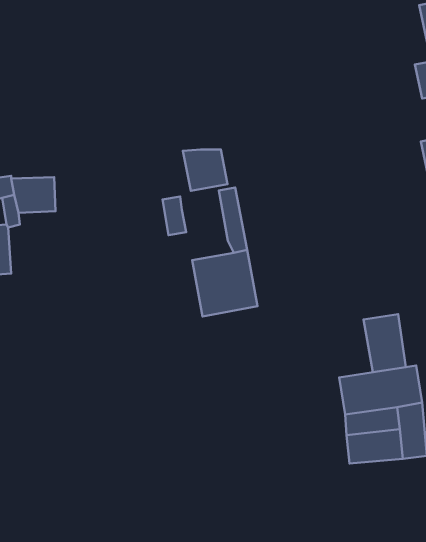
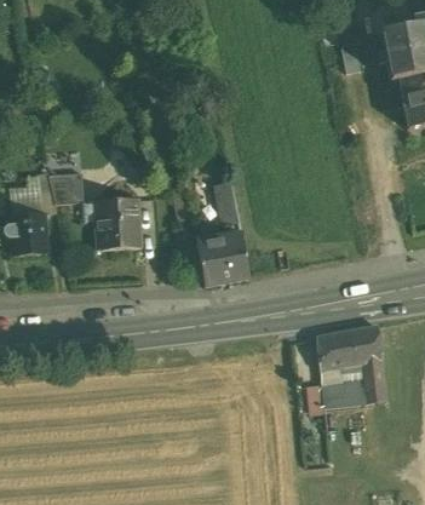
building: [183,149,228,191] -> none
building: none -> [98,196,138,247]
building: [364,314,406,372] -> none

